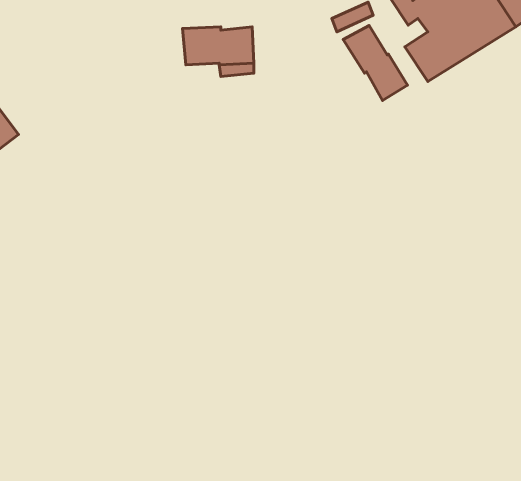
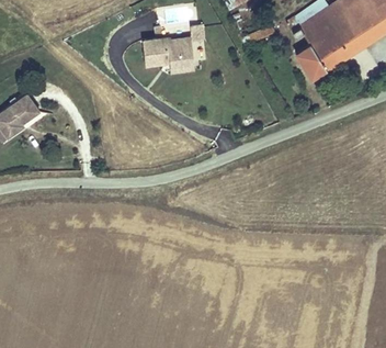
building: [343,26,407,101] -> none

